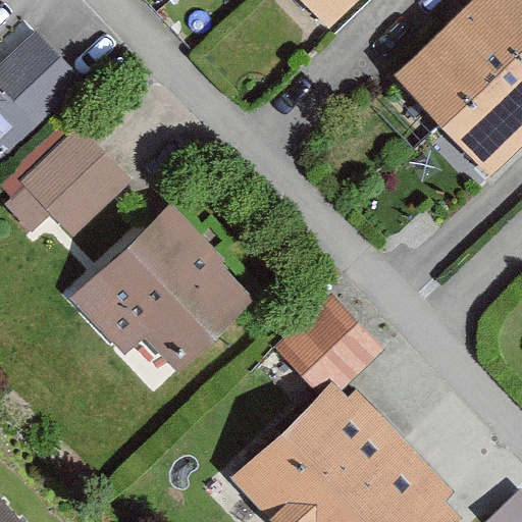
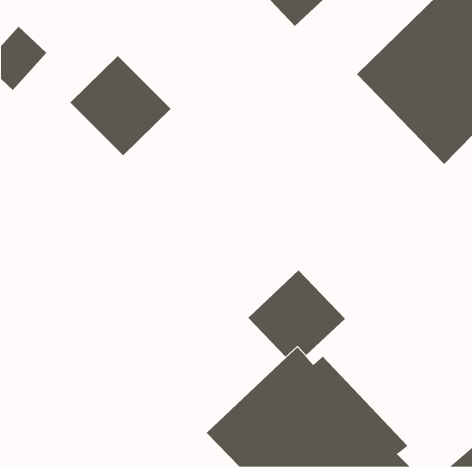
building: [21,132,134,243] -> [70,55,172,156]
building: [74,205,251,370] -> none

